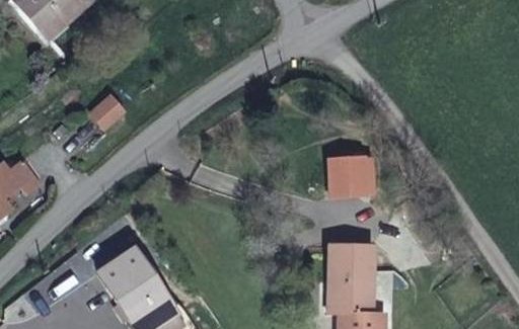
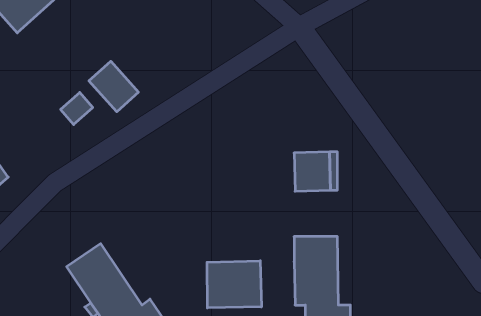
building: none -> [89,61,138,112]
building: none -> [207,261,261,308]

